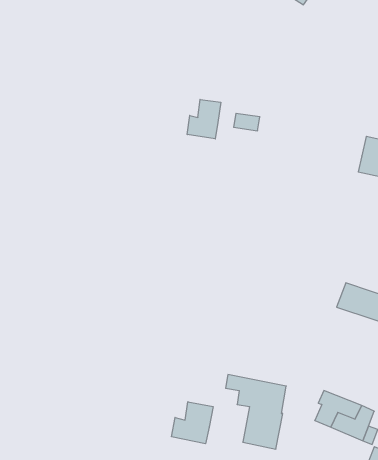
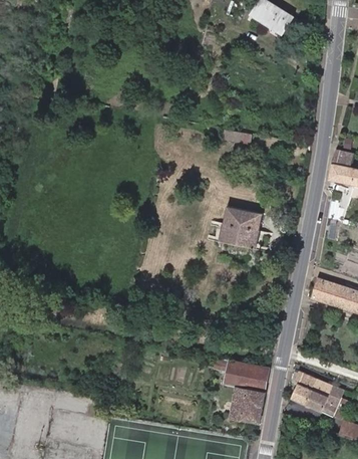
building: [187,99,221,139] -> none
building: none -> [221,207,262,247]
building: [172,402,213,444] -> none

